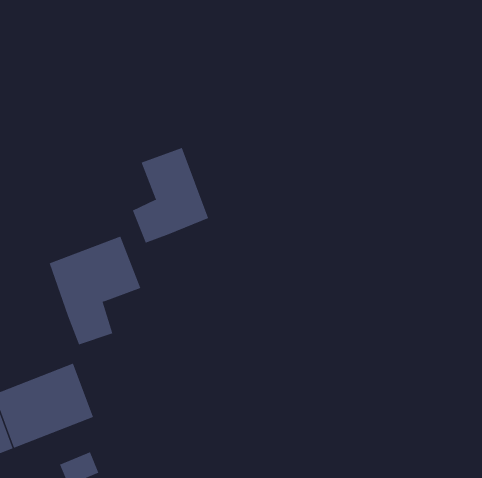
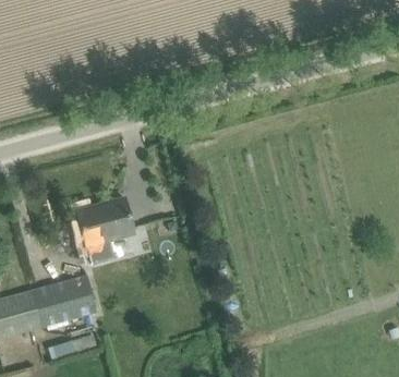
building: [132,147,209,243] -> none

